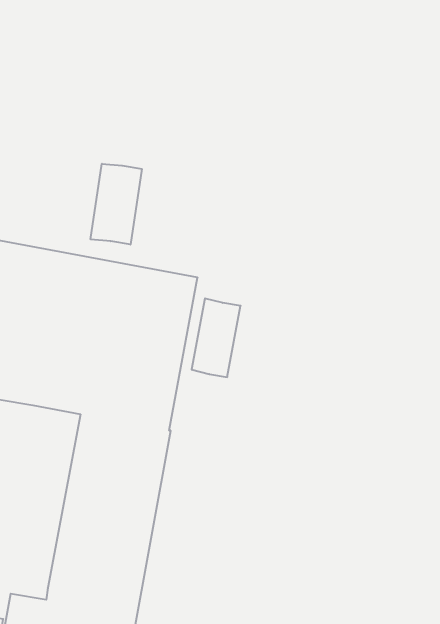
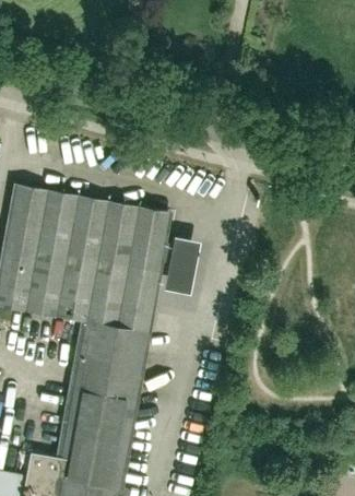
building: [91,164,142,245] -> none

